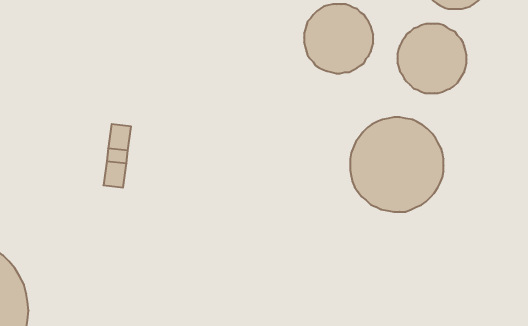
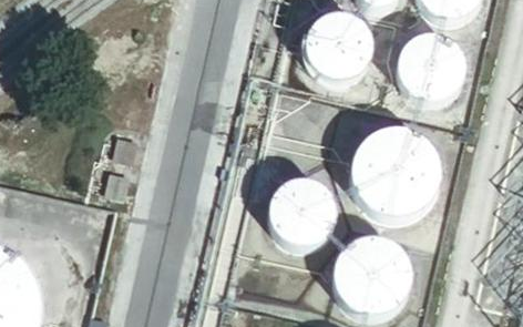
building: none -> [268,180,335,246]
building: none -> [331,237,409,315]

